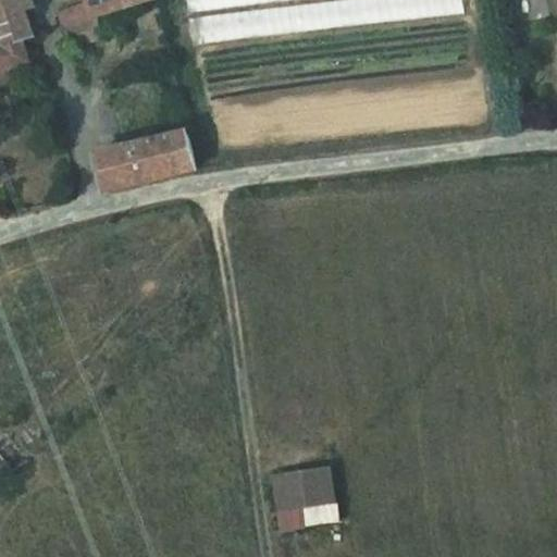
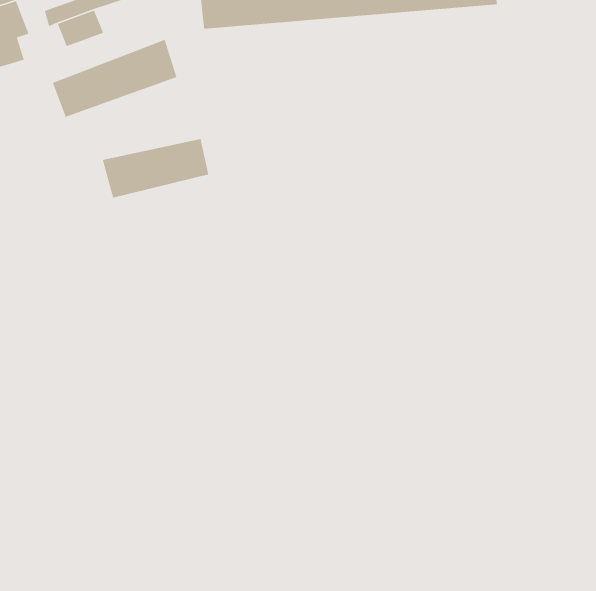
building: none -> [52,39,178,118]
building: [276,463,339,527] -> none

